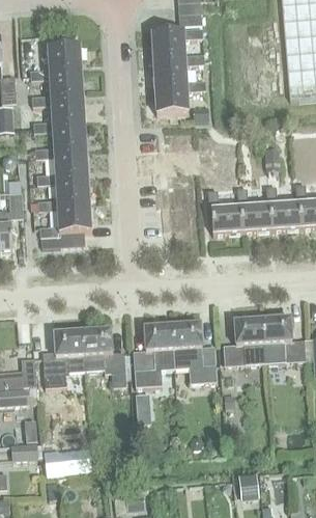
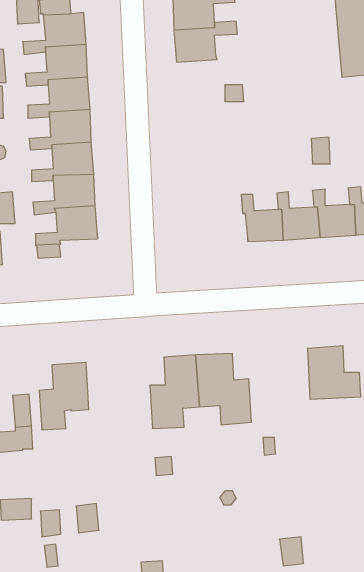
building: [154,80,205,112] -> none
building: [223,320,263,363] -> none
building: [81,329,125,385] -> none

